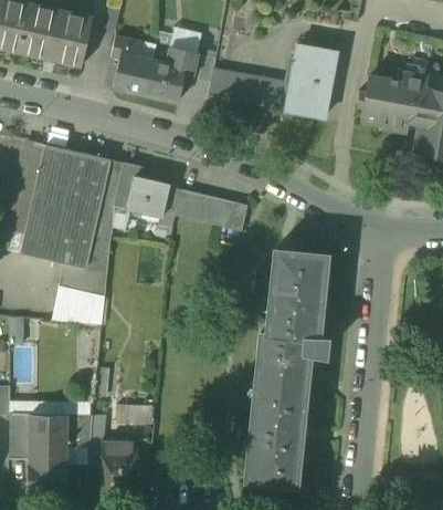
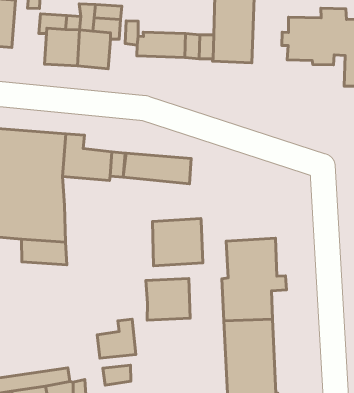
building: [270,250,325,300] -> [152,219,203,266]
building: [52,285,104,324] -> none
building: none -> [146,278,190,320]
building: none -> [97,319,136,358]

